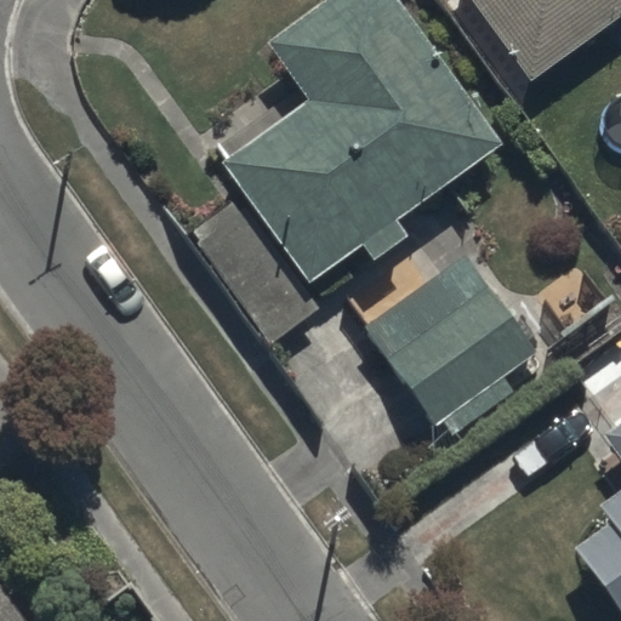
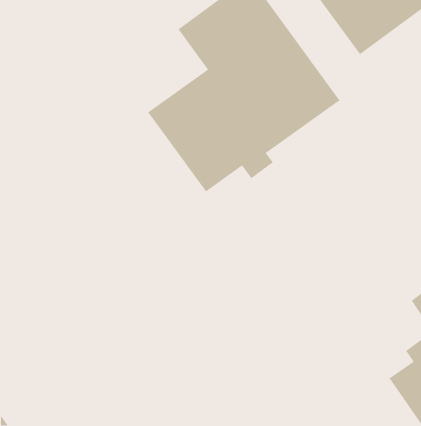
building: [364,252,536,423] -> none

